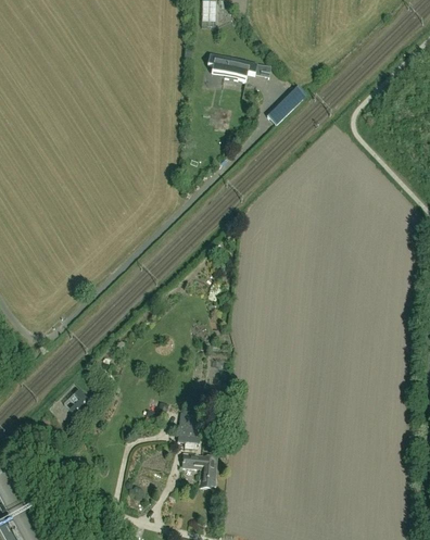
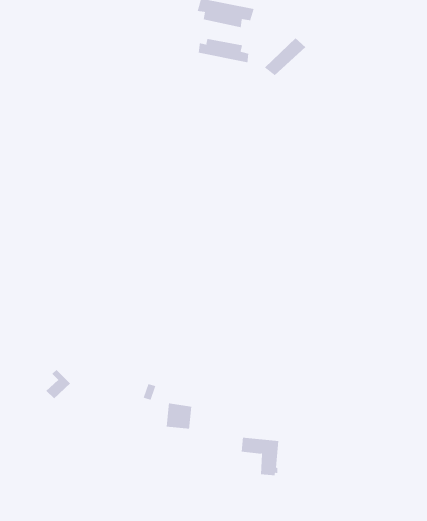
building: none -> [198,38,249,63]
building: [181,454,216,489] -> [241,437,279,476]

